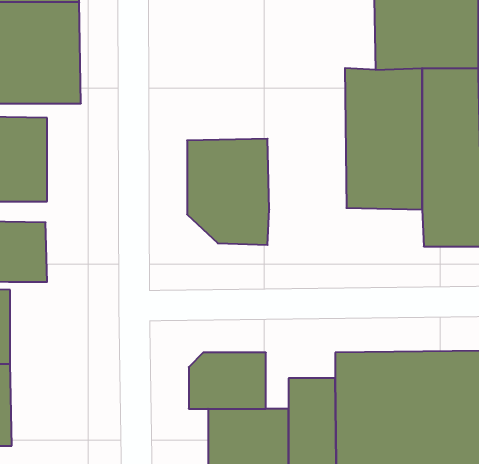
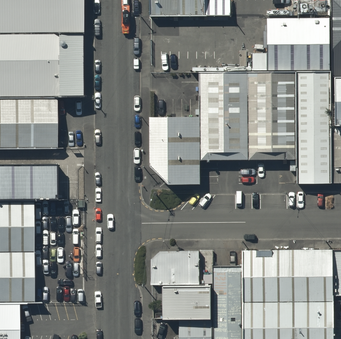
building: none -> [198,72,248,160]

